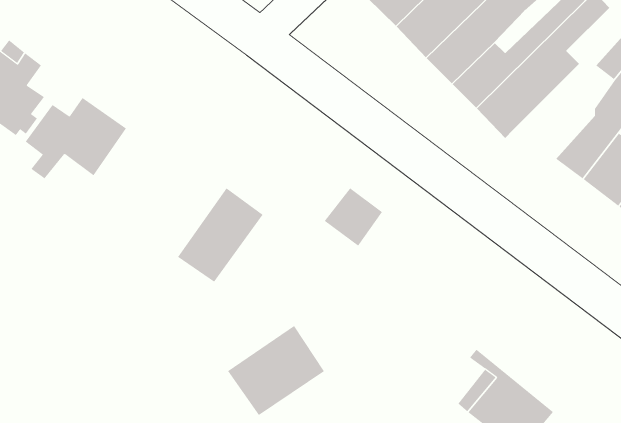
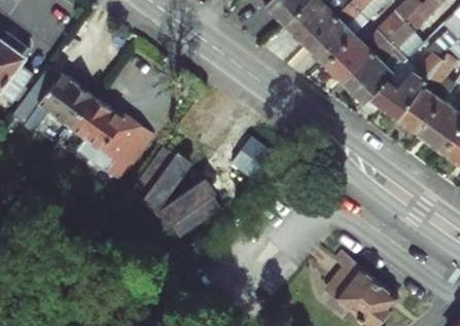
building: none -> [368,71,426,118]
building: none -> [68,97,149,179]
building: [227,325,325,416] -> [152,174,222,239]

